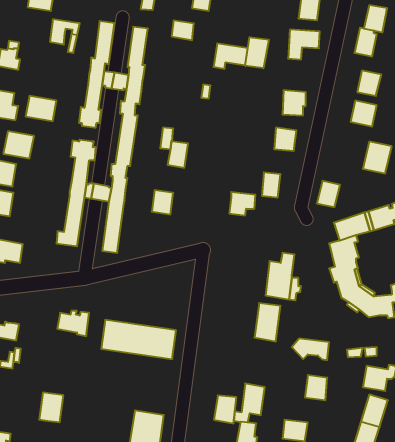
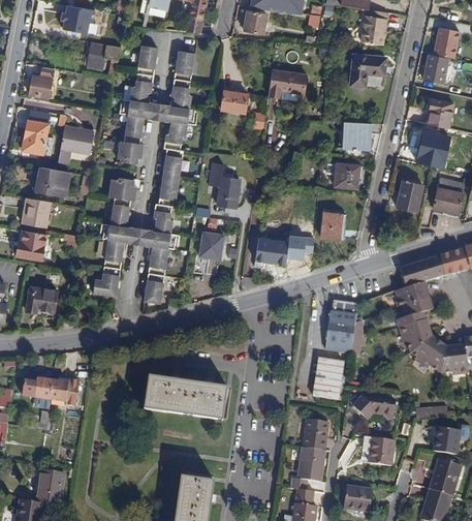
building: [172,21,194,40] -> [221,91,246,113]
building: [245,37,269,68] -> none
building: [317,181,340,207] -> [397,181,422,210]
building: none -> [255,236,287,265]
building: [57,311,89,336] -> [50,378,85,406]
building: [39,392,63,422] -> [37,470,64,503]
building: [214,395,236,423] -> [303,419,327,450]

